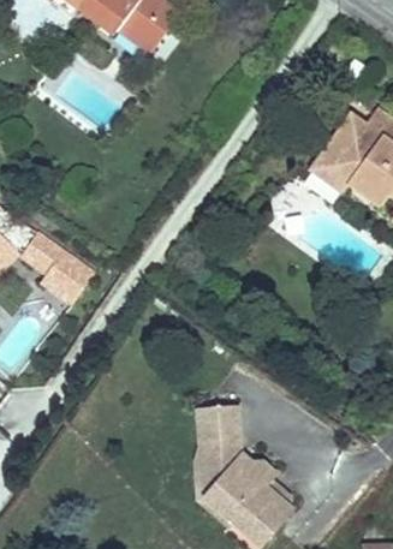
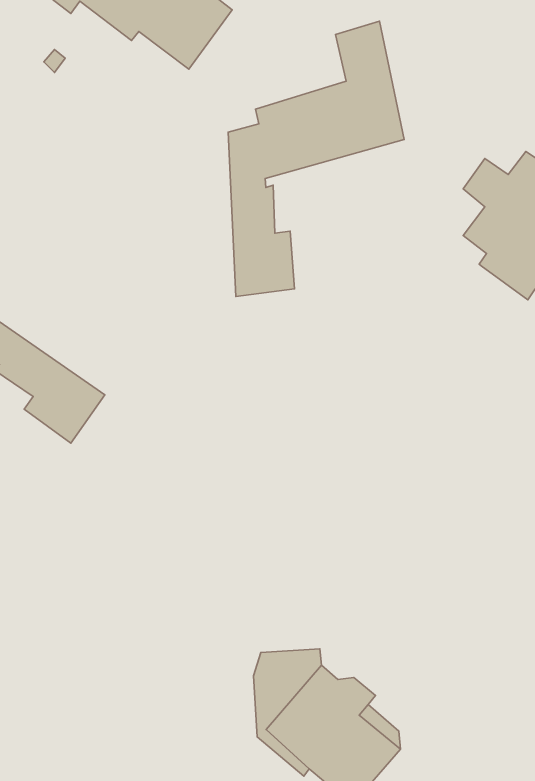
building: none -> [228,21,404,297]
building: [309,133,351,193] -> none
building: [197,406,239,444] -> none

